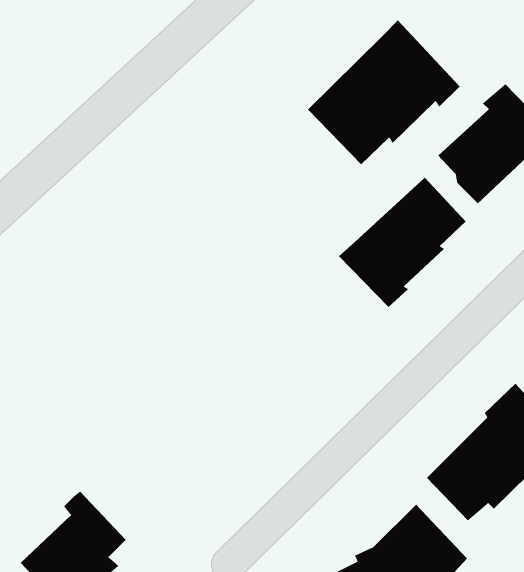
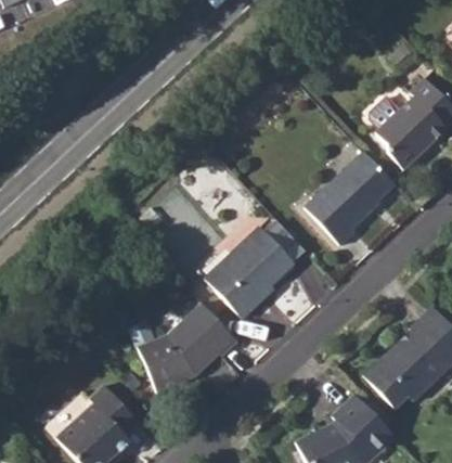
building: [307,20,461,165] -> none
building: none -> [205,226,296,318]
building: none -> [140,301,238,388]

